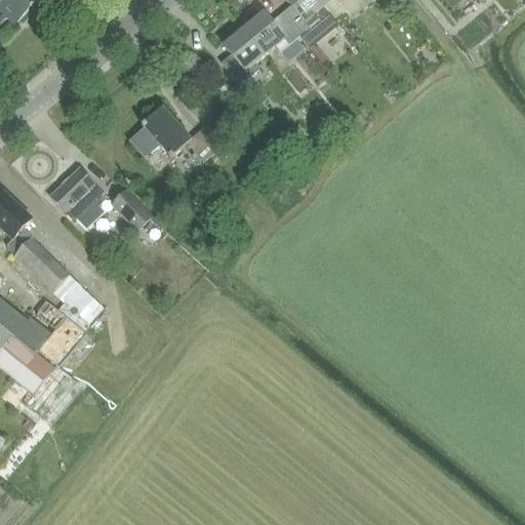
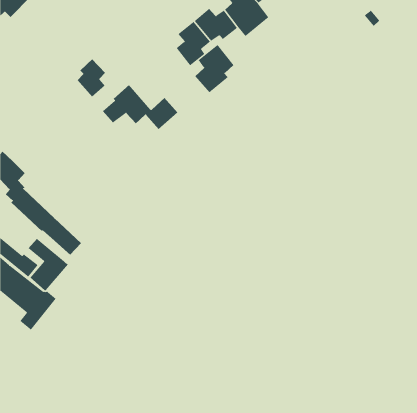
building: none -> [195,44,234,93]
building: none -> [77,59,106,98]
building: [49,167,107,227] -> none
building: [111,188,153,230] -> none

